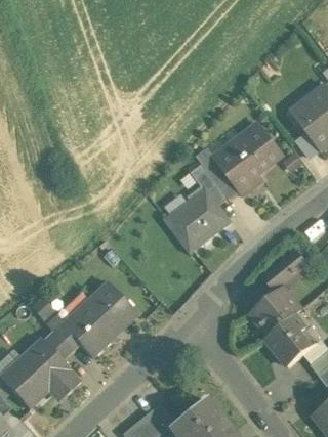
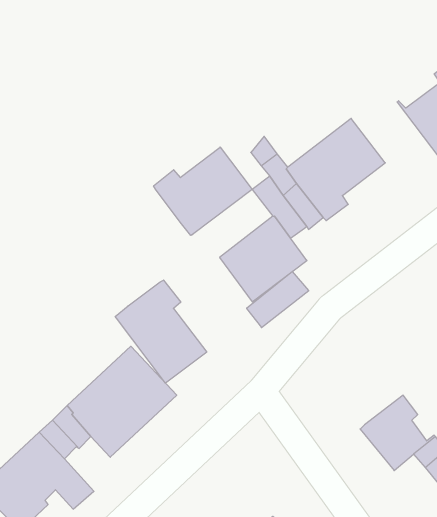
building: none -> [154,147,252,235]
building: none -> [115,280,207,383]
building: [264,252,308,291] -> [247,271,309,328]
building: [252,290,301,336] -> none

